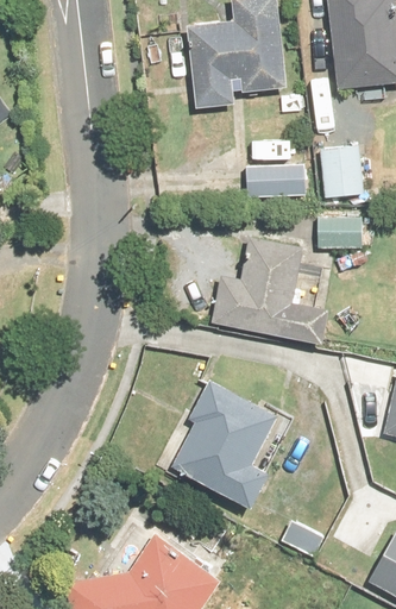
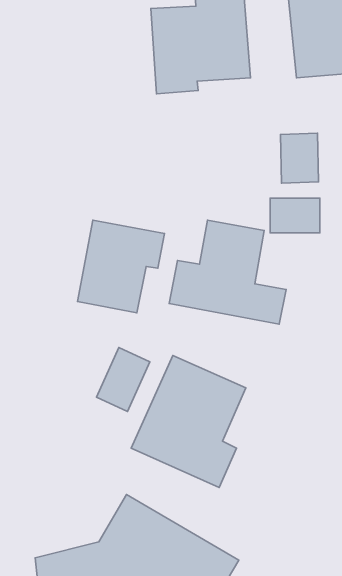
building: [244,163,303,202] -> none
building: none -> [78,220,164,313]
building: none -> [97,348,150,411]

